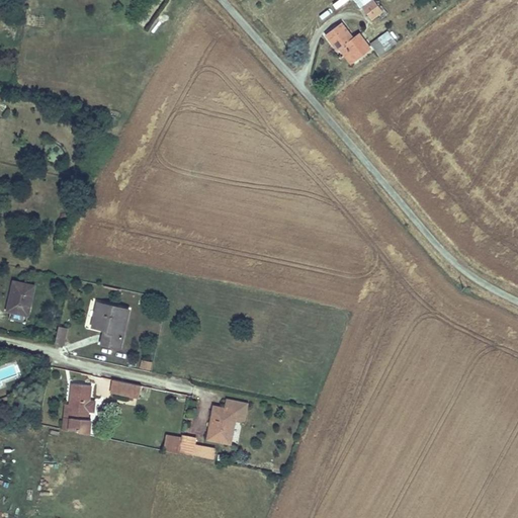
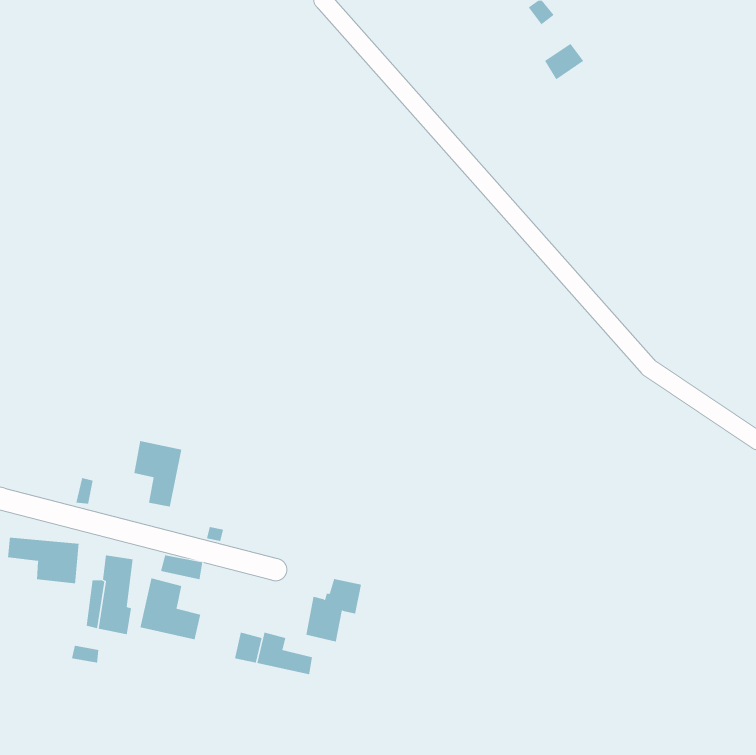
building: [326,24,368,61] -> none
building: [6,281,31,323] -> none
building: none -> [7,537,79,584]
building: none -> [140,578,201,640]

